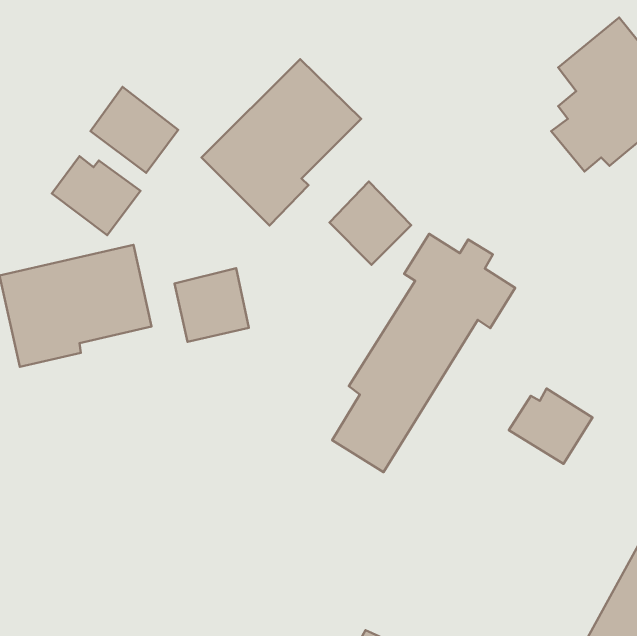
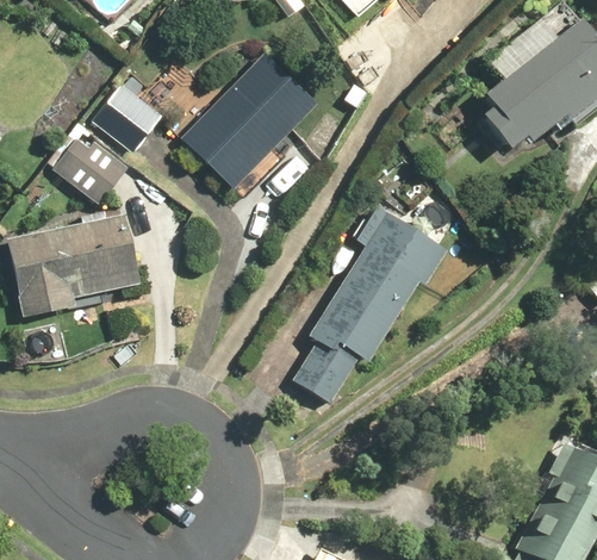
building: [329,182,411,265] -> none
building: [174,268,249,342] -> none
building: [509,389,593,464] -> none

